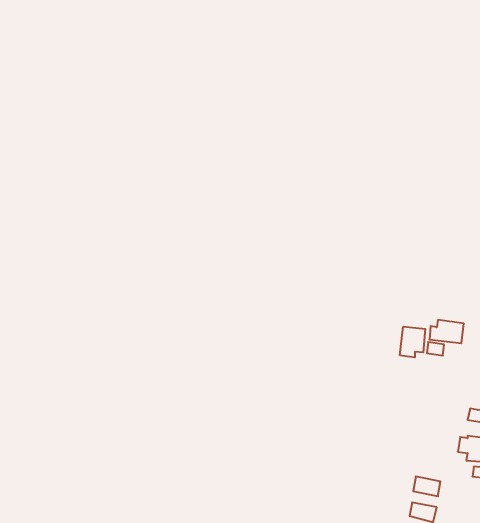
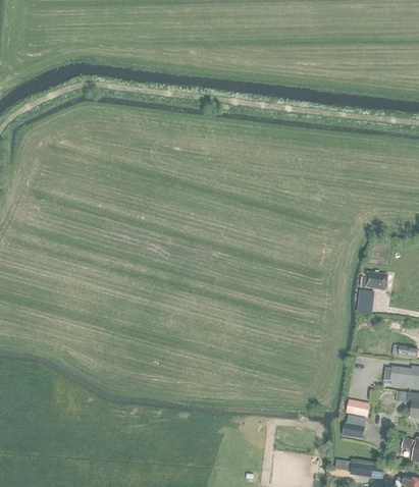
building: [400,327,425,357] -> none

